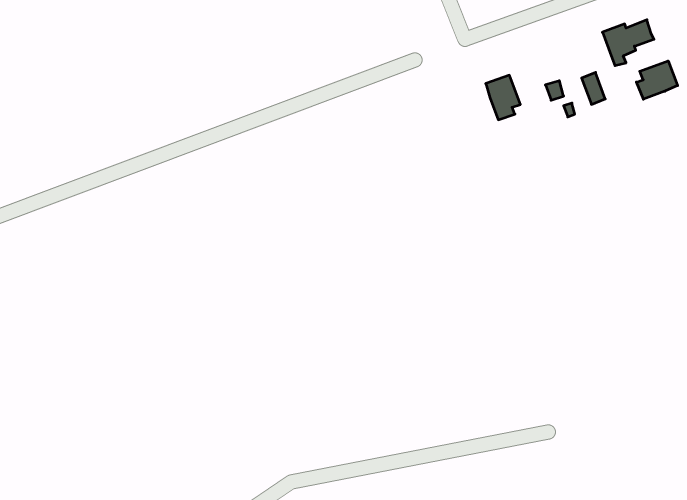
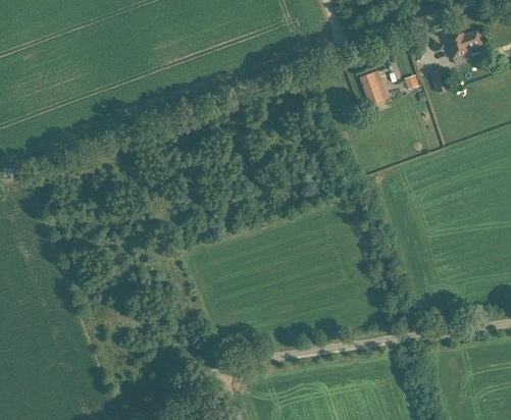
building: [636,61,678,99] -> none

